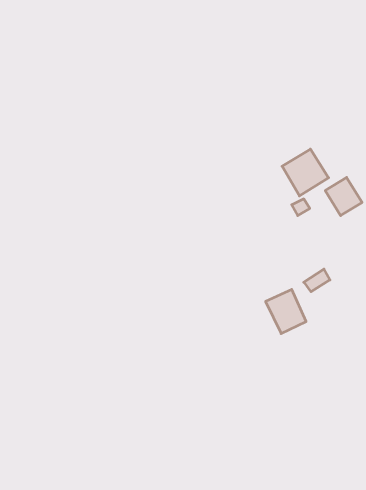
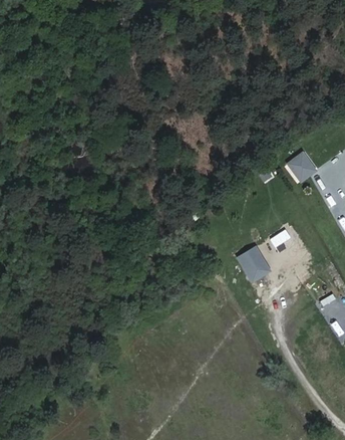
building: [282,149,329,196] -> none

